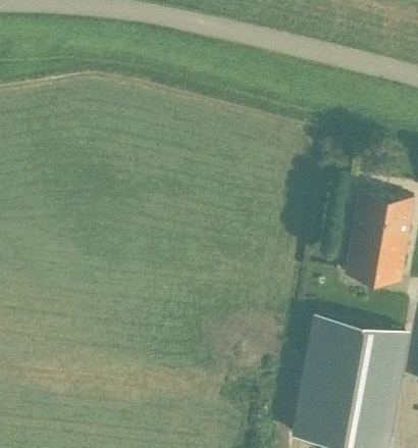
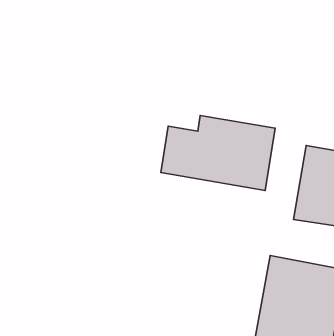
building: none -> [161,116,275,190]

